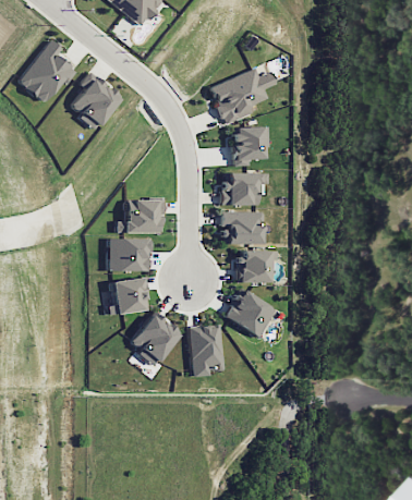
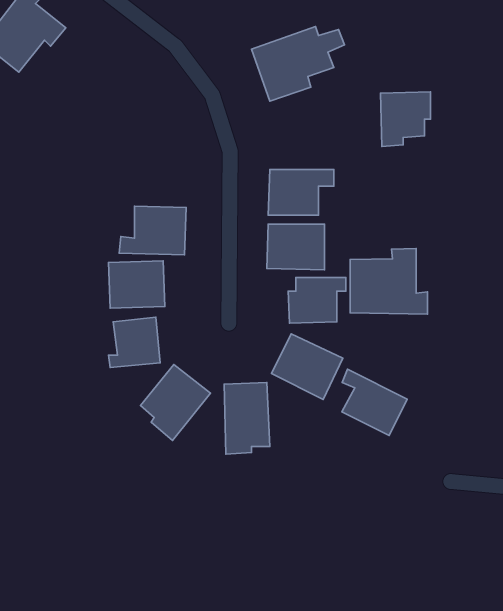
building: [70,72,121,130] -> none
building: [232,126,268,166] -> [380,92,431,146]
building: none -> [350,248,427,314]
building: none -> [342,369,407,435]

